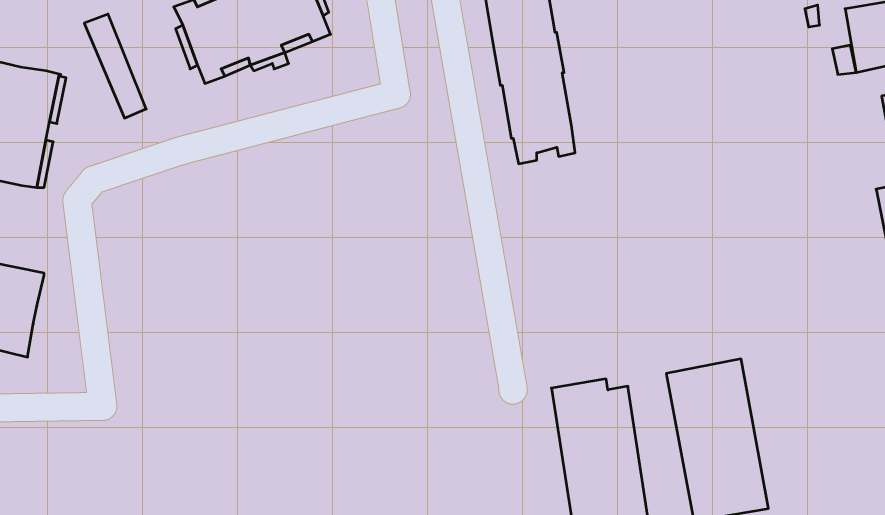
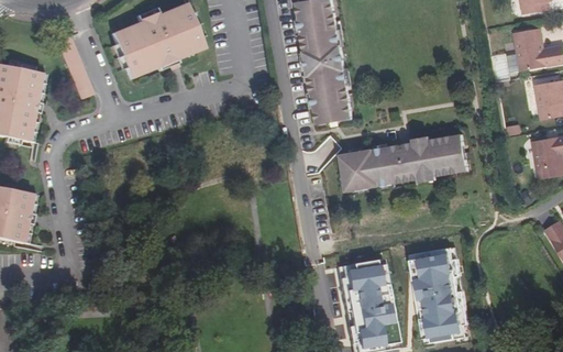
building: none -> [342,135,472,194]

